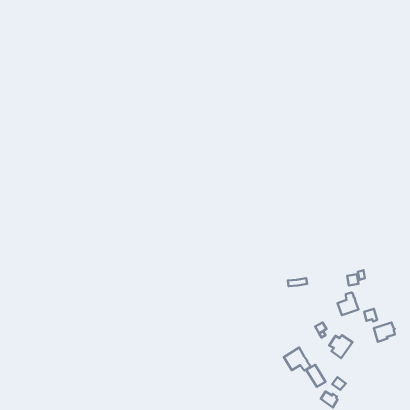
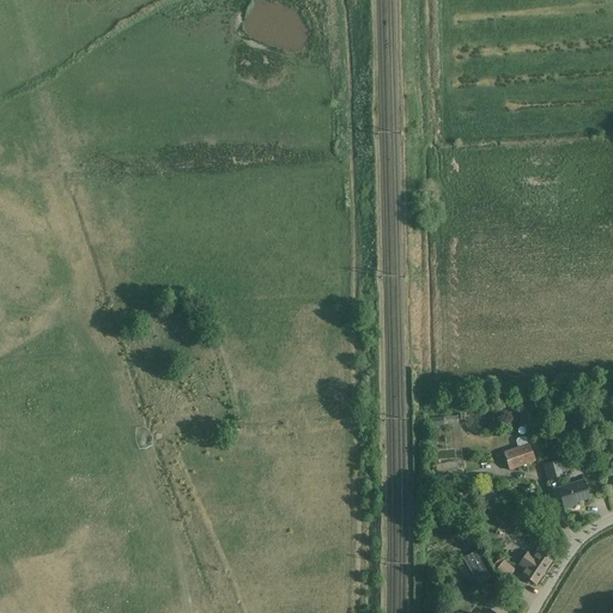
building: [329,335,352,358] -> [516,550,551,584]
building: [284,348,310,370] -> none

